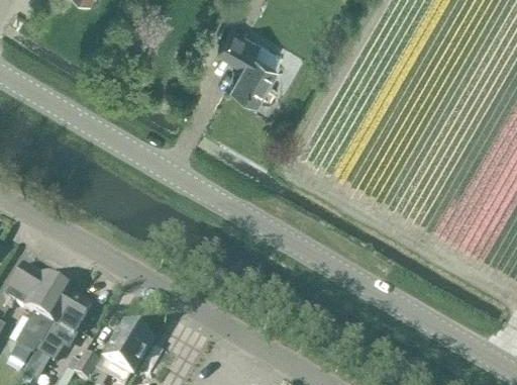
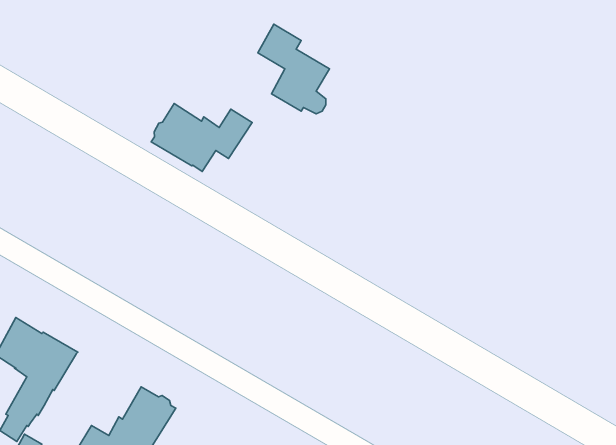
building: none -> [151,104,252,172]
building: [35,292,91,360] -> none

